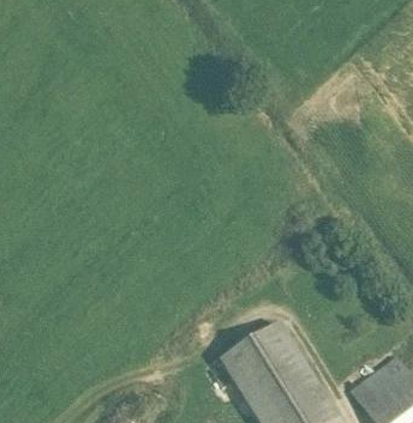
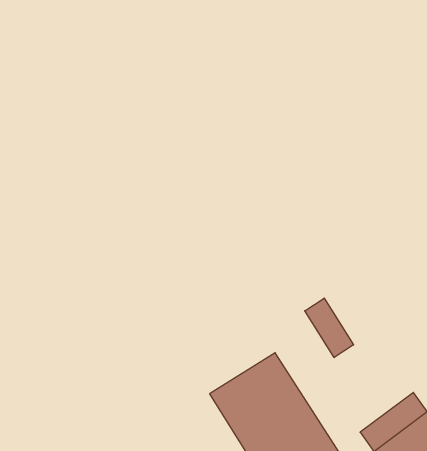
building: none -> [305,298,354,358]

